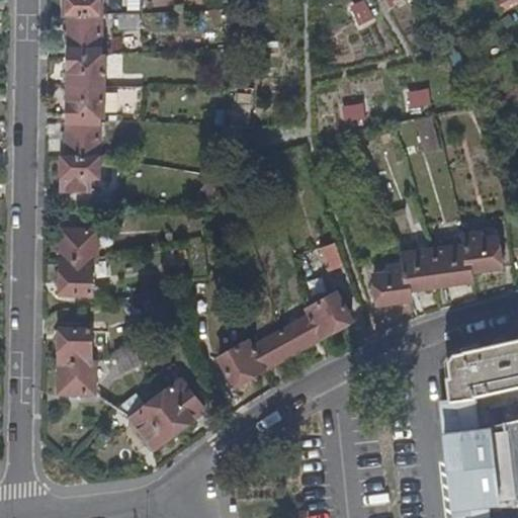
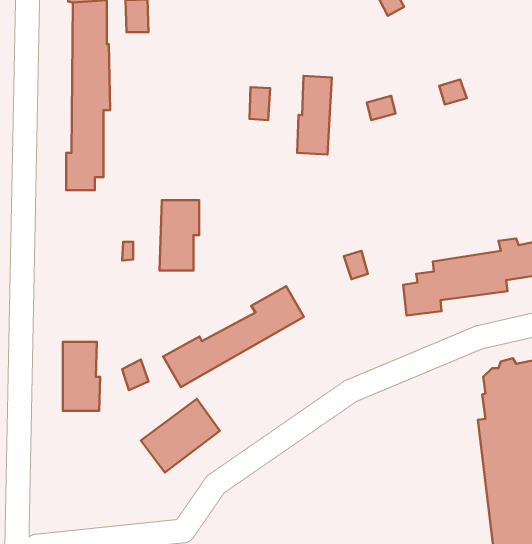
building: none -> [297,76,332,155]
building: [59,229,95,293] -> [160,200,199,270]
building: [220,292,349,385] -> [163,286,304,387]

